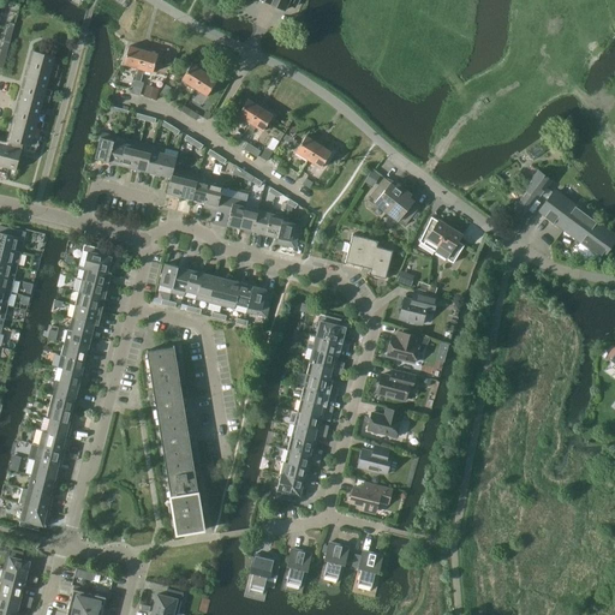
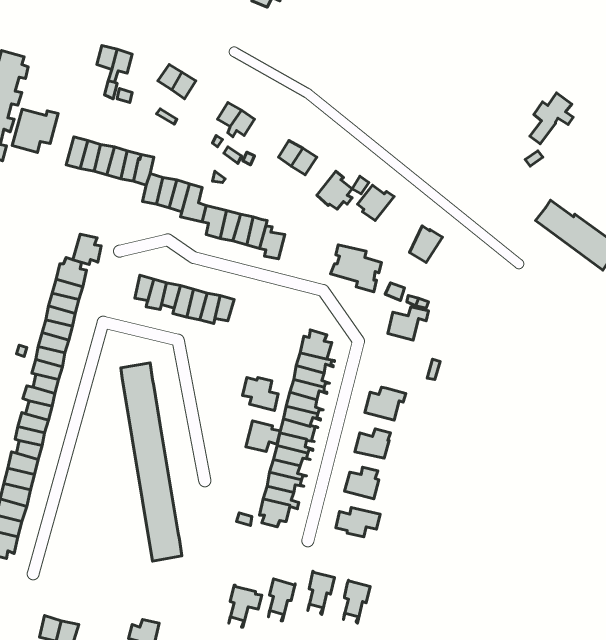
building: none -> [12,109,58,153]
building: [512,169,553,217] -> [530,93,573,144]
building: [387,189,420,225] -> [317,171,352,209]
building: none -> [73,234,101,264]
building: [435,227,464,263] -> none
building: [246,286,273,317] -> none
building: [387,330,429,363] -> none
building: none -> [243,378,278,410]
building: none -> [246,421,280,452]

